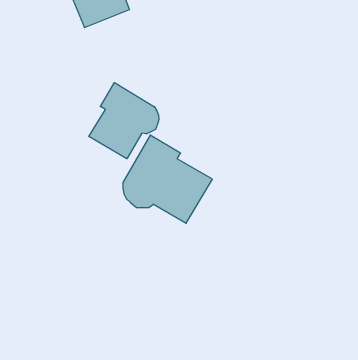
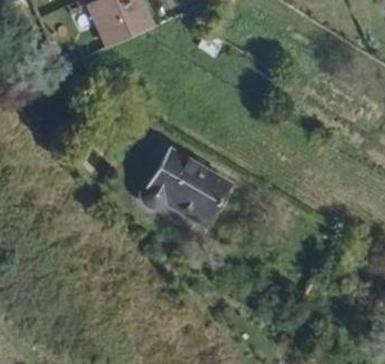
building: [89,83,159,159] -> none

